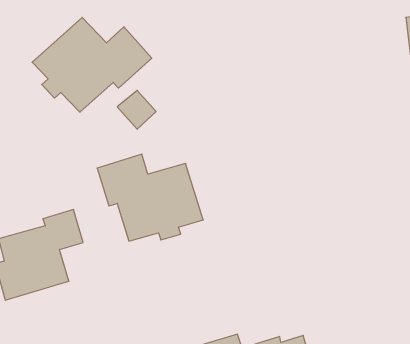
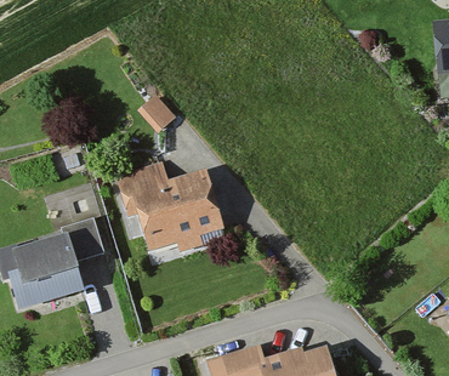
building: [32,17,152,112] -> none

